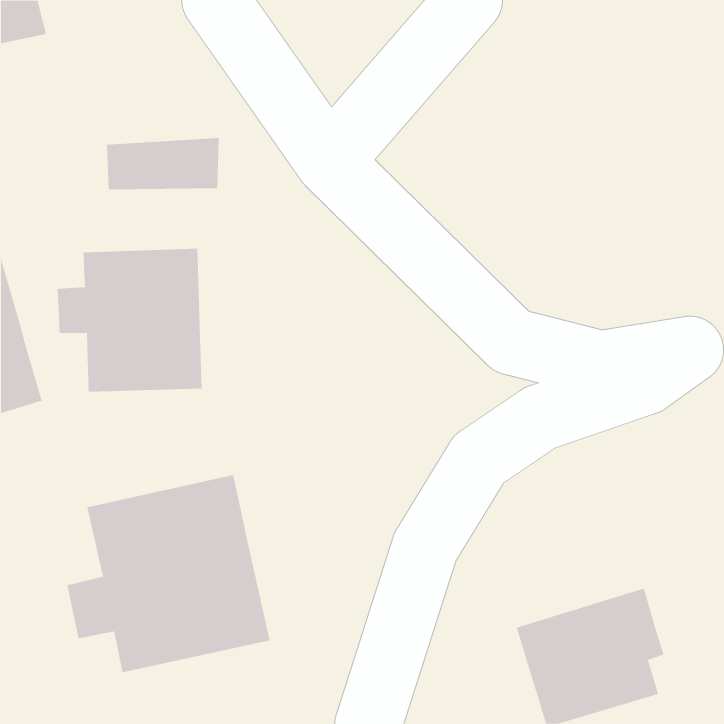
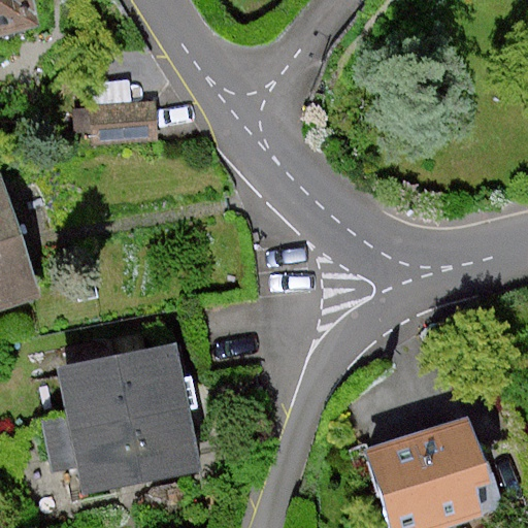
building: [57,248,202,393] -> none

